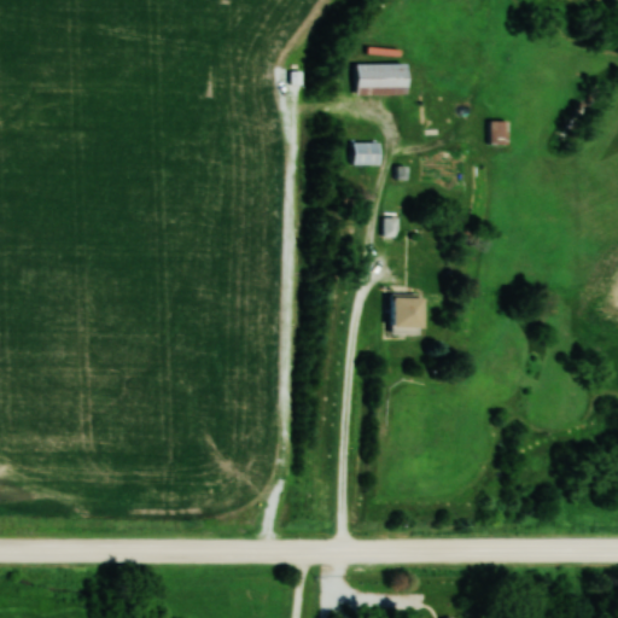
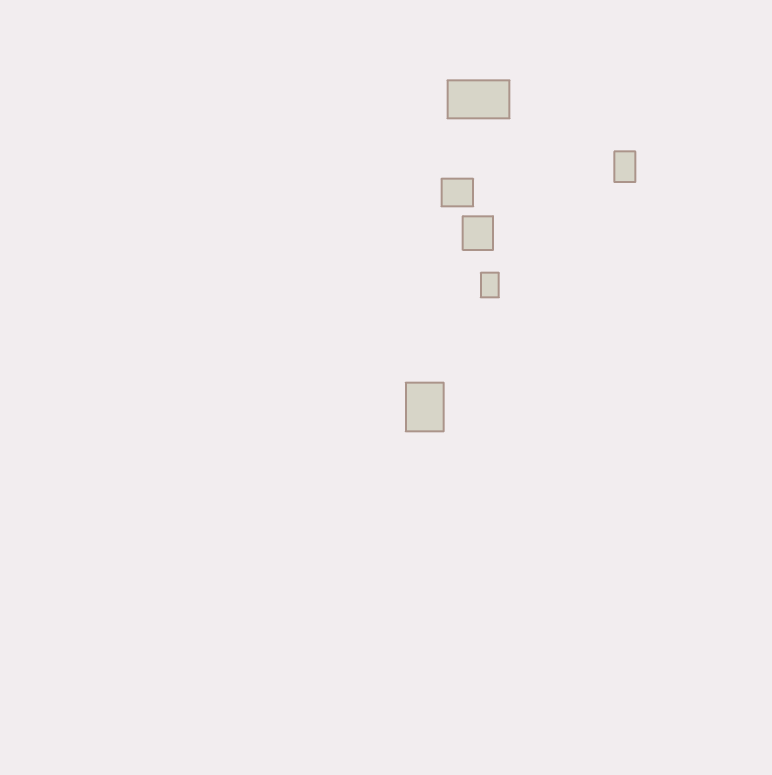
building: none -> [463,216,493,250]
building: [393,295,424,333] -> [406,383,444,431]

